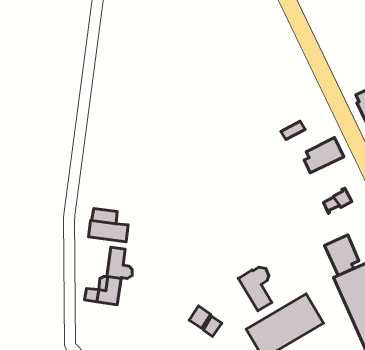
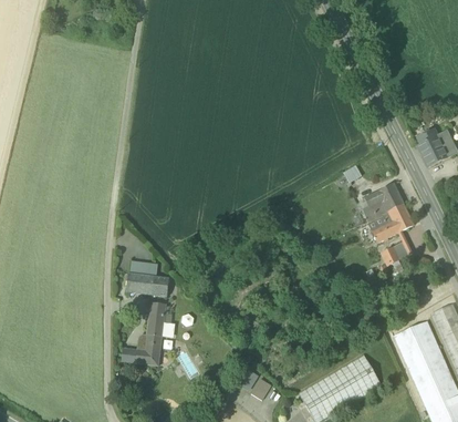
building: none -> [367,204,414,243]
building: [325,235,359,276] -> none
building: [238,267,272,311] -> none

